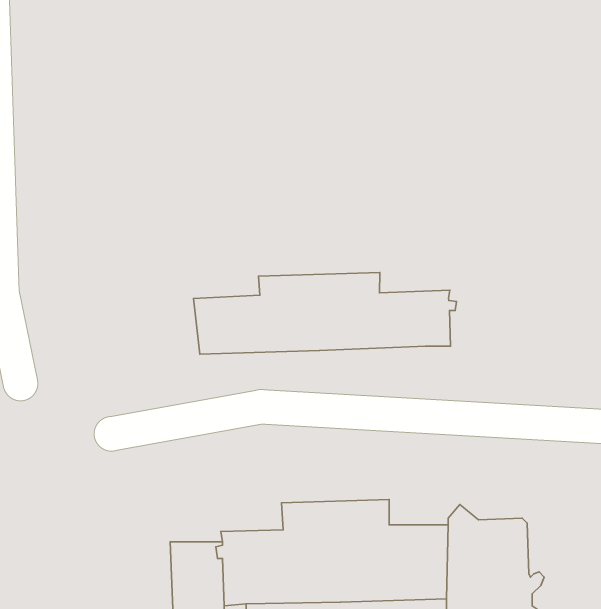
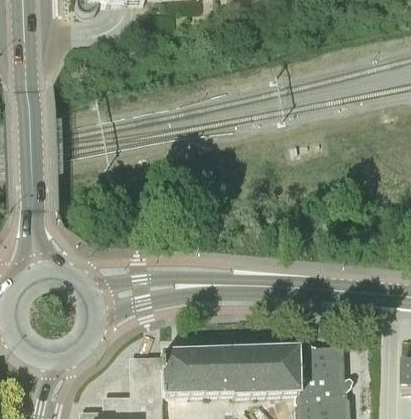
building: [194,272,456,354] -> none

